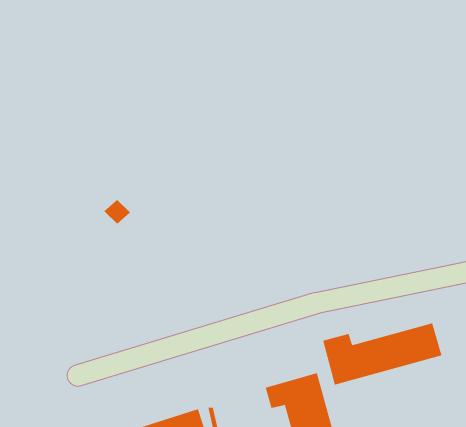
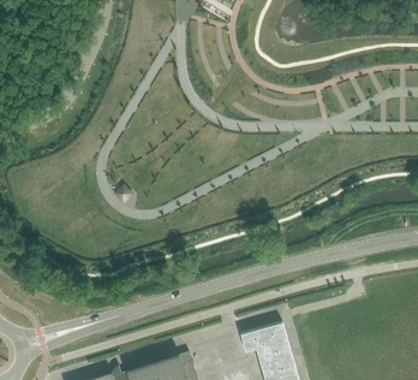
building: [323,322,442,385] -> none

